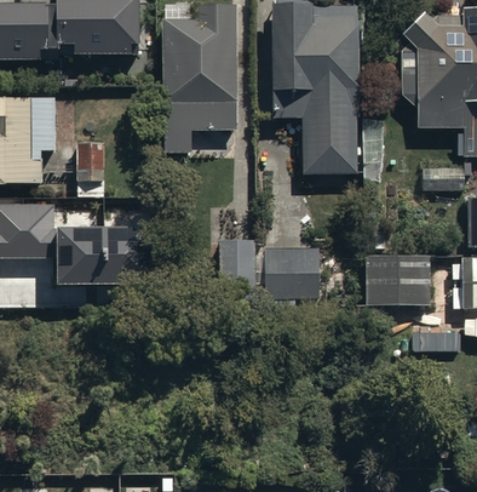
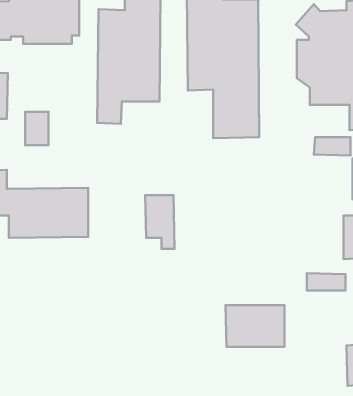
building: [264,245,322,305] -> none
building: [363,251,433,301] -> [226,305,285,347]

